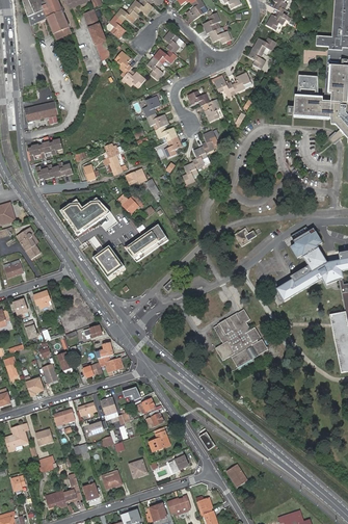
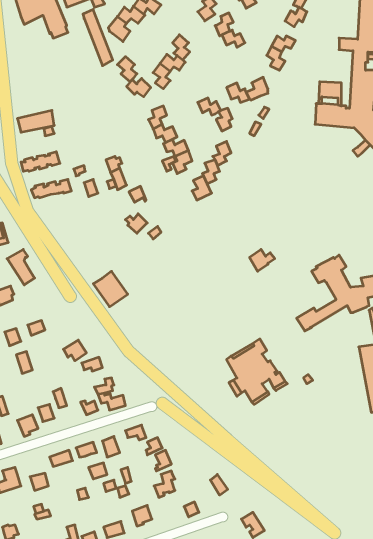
building: [59,197,110,235] -> none
building: [125,225,167,262] -> none

